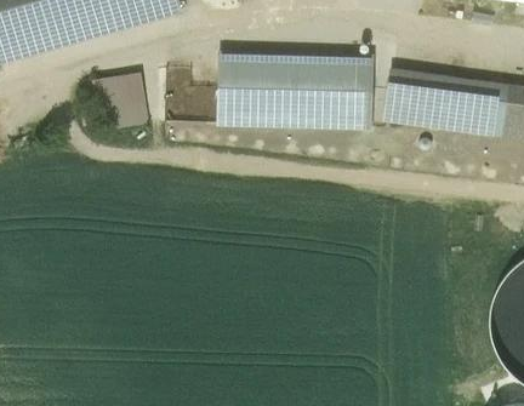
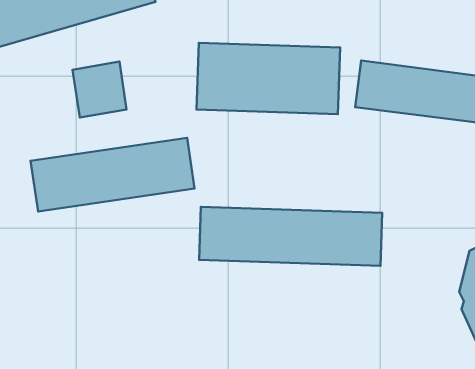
building: none -> [31,138,195,211]
building: none -> [199,207,382,266]

